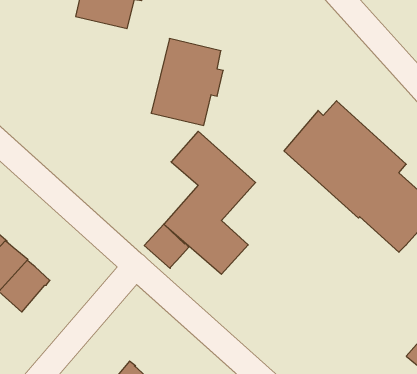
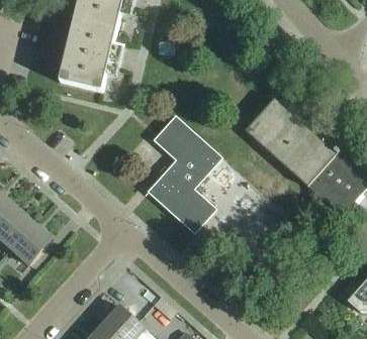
building: [151,39,223,125] -> [59,20,118,92]
building: [144,224,189,268] -> none

